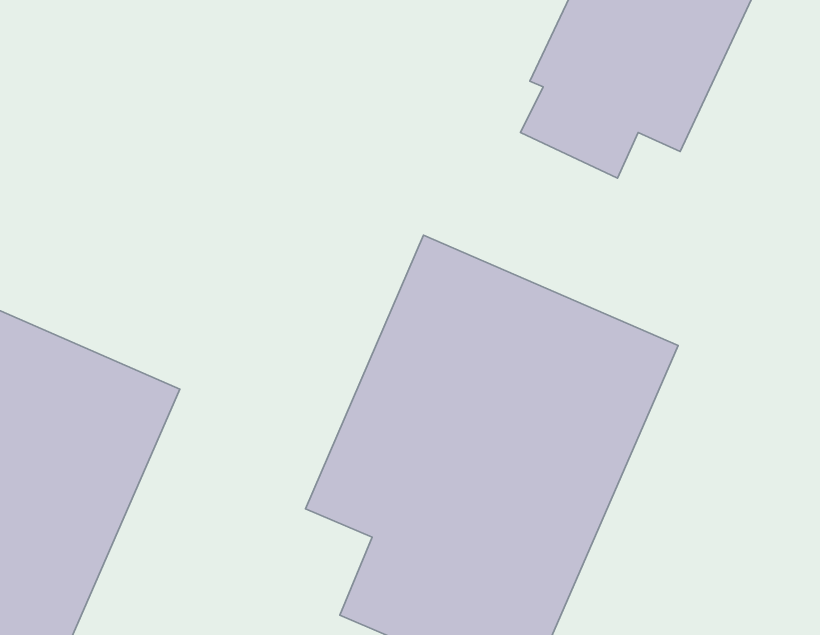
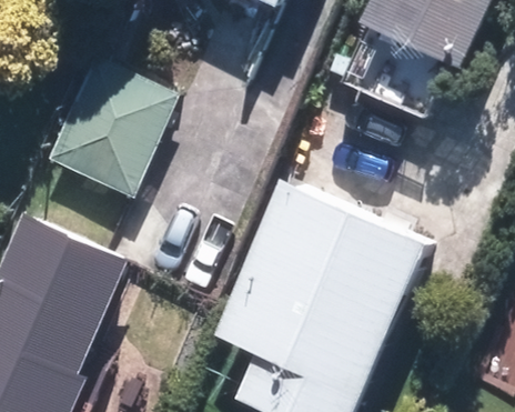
building: none -> [46,50,183,201]

